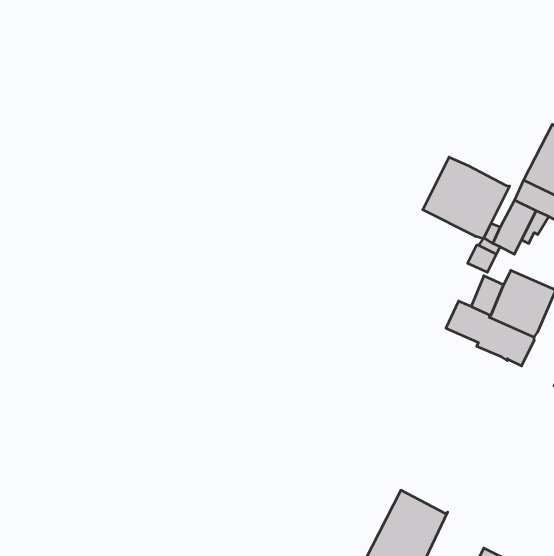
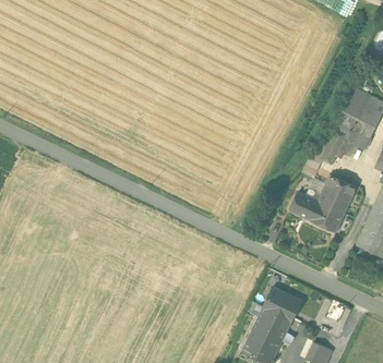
building: [423,157,510,239] -> none
building: none -> [263,289,300,323]

